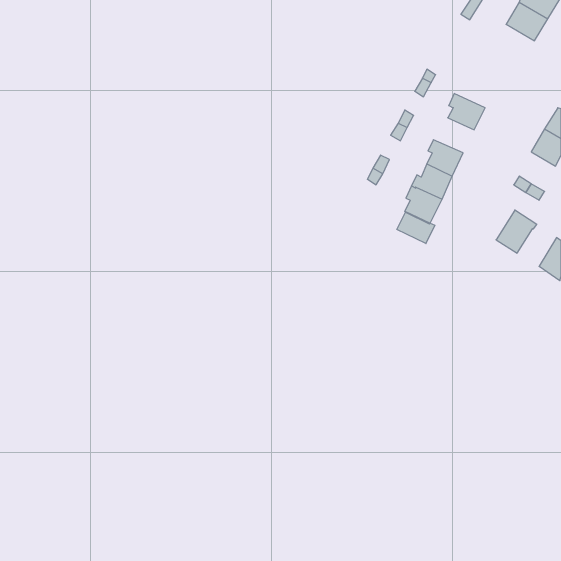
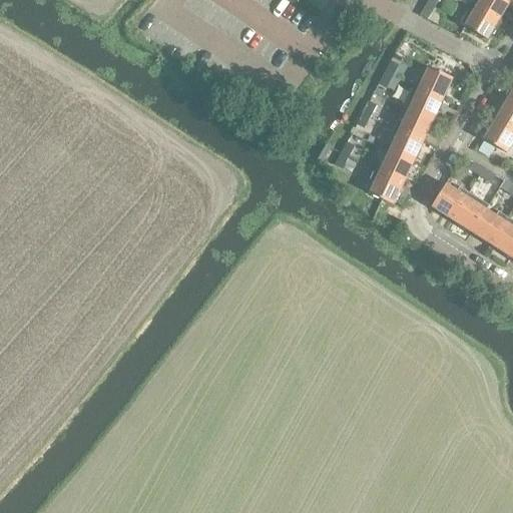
building: none -> [414,65,452,98]
building: none -> [395,107,432,139]
building: none -> [432,183,469,218]
building: [397,212,435,244] -> none
building: none -> [471,208,507,242]

